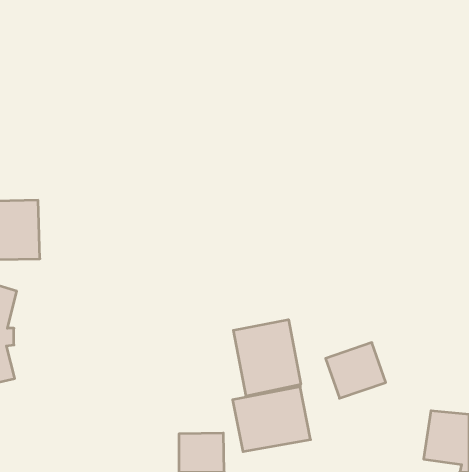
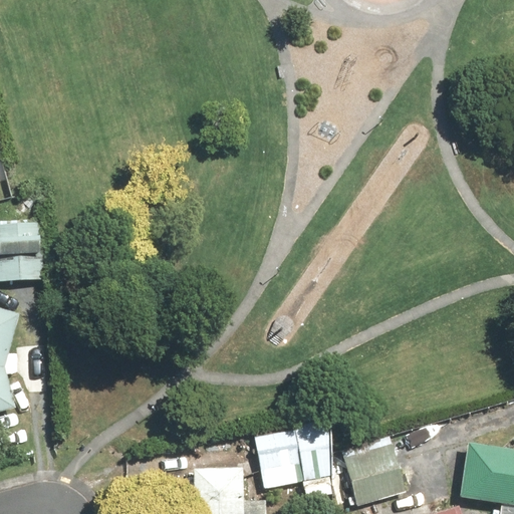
building: [233,320,301,396] -> none
building: [326,343,386,398] -> [340,444,406,504]

